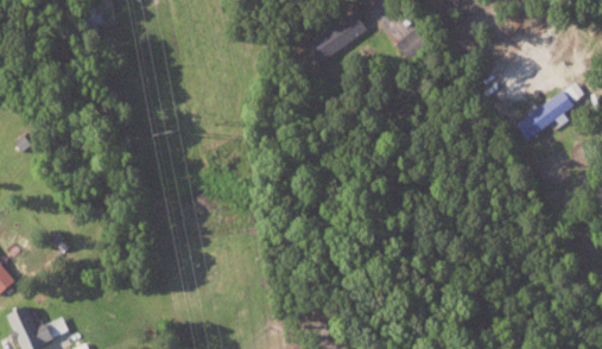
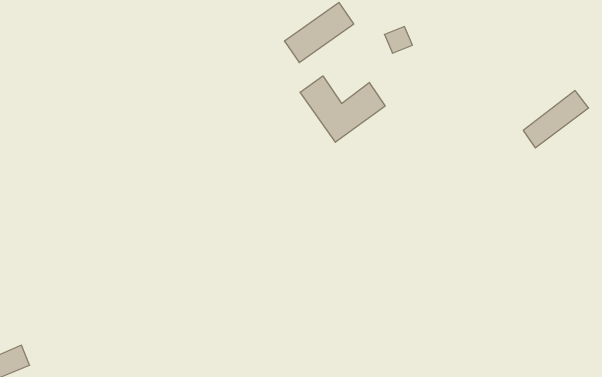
building: none -> [300,76,385,142]

